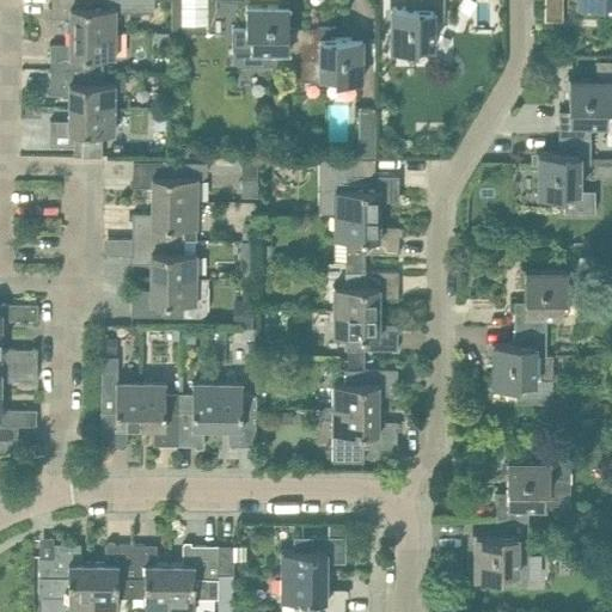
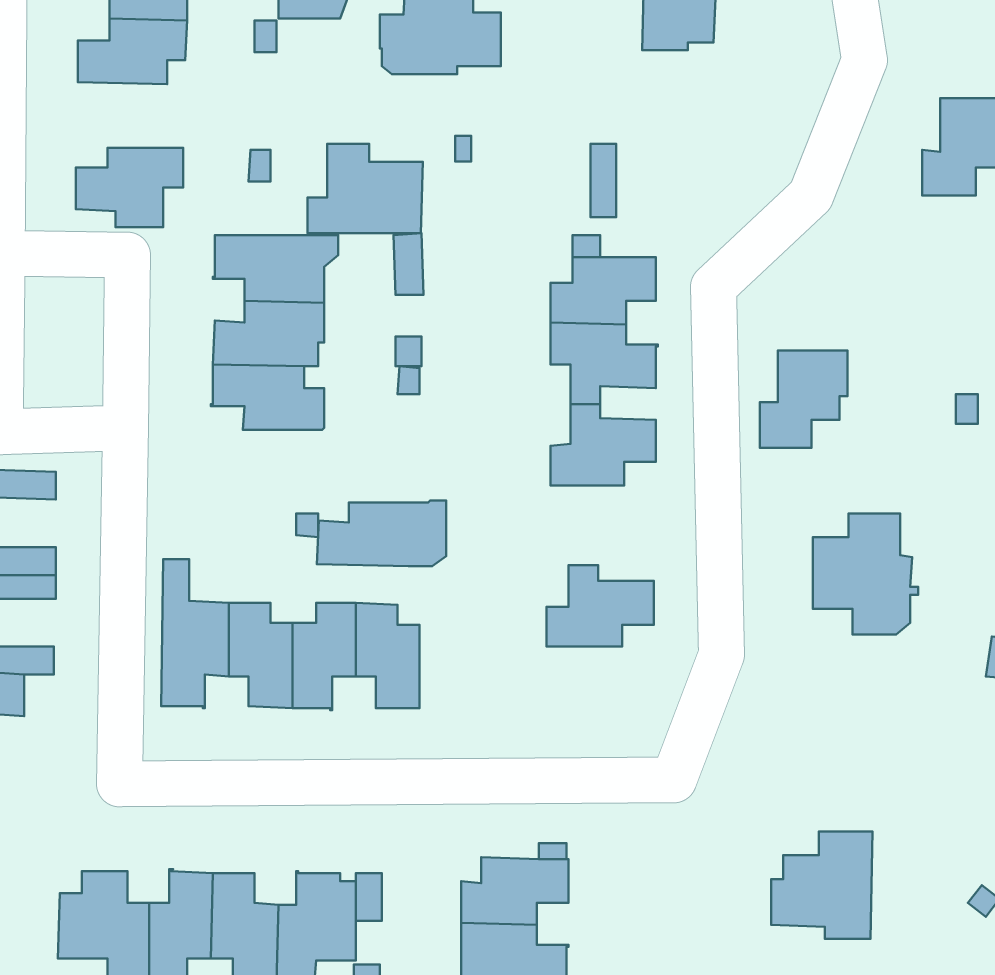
building: [294,30,363,84] -> [307,144,423,233]
building: [50,72,116,111] -> none
building: [538,140,592,197] -> none
building: [515,273,568,331] -> [760,350,847,448]
building: [131,280,209,319] -> [317,501,446,566]
building: [336,314,399,362] -> none
building: [333,411,399,464] -> none
building: [497,457,571,522] -> none

